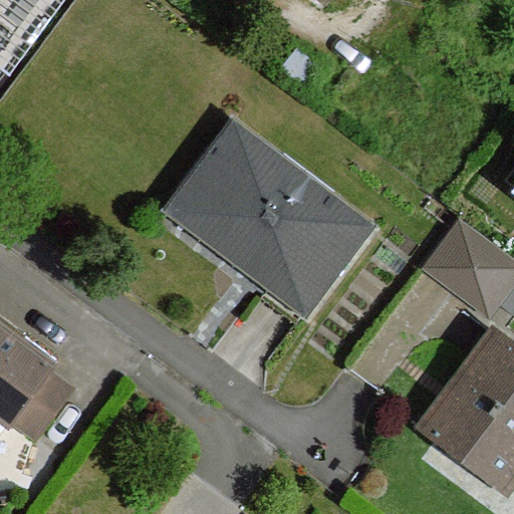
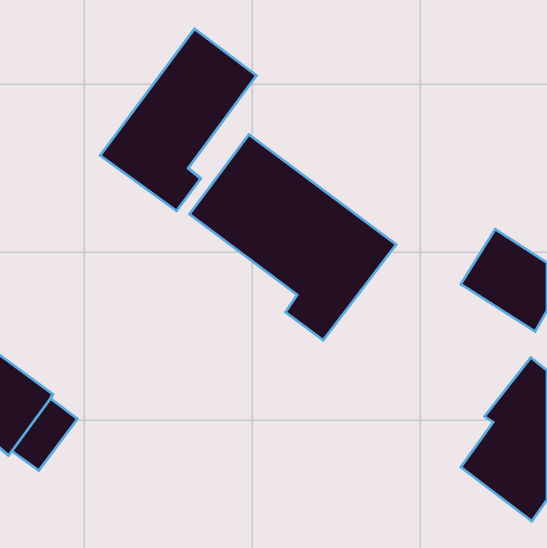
building: none -> [100,29,257,211]

